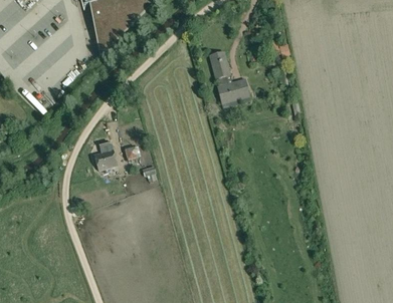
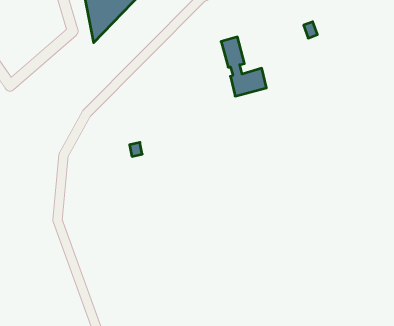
building: [93,139,117,170] -> none

